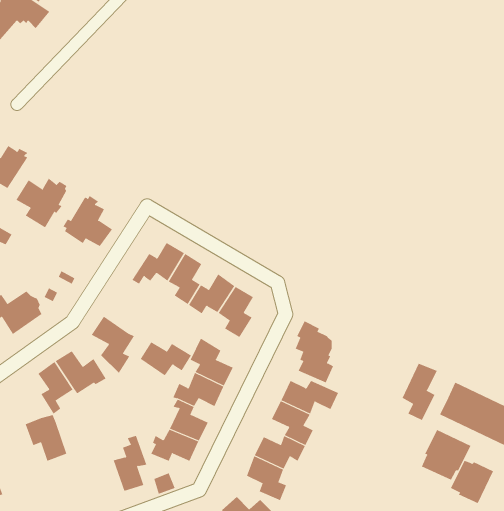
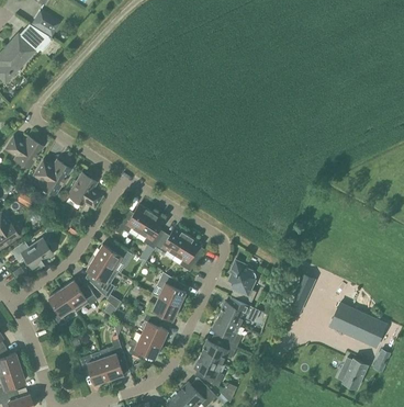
building: [140,342,192,376] -> [96,244,132,268]
building: [402,363,438,421] -> none
building: [25,415,67,462] -> [80,351,110,384]
building: [421,429,471,480] -> none

